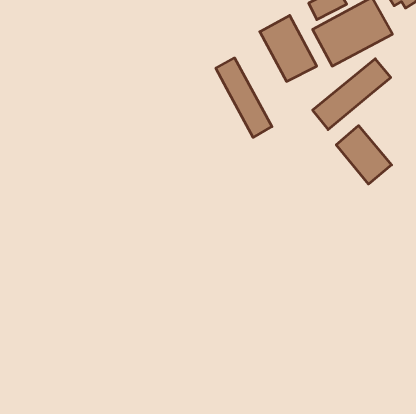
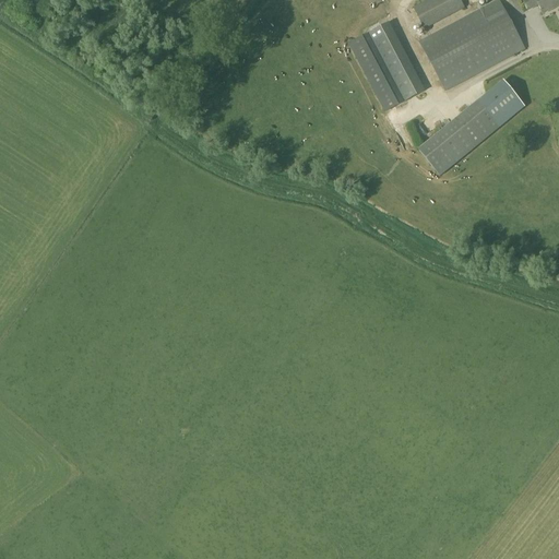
building: [216,58,272,137] -> none
building: [336,126,392,184] -> none

